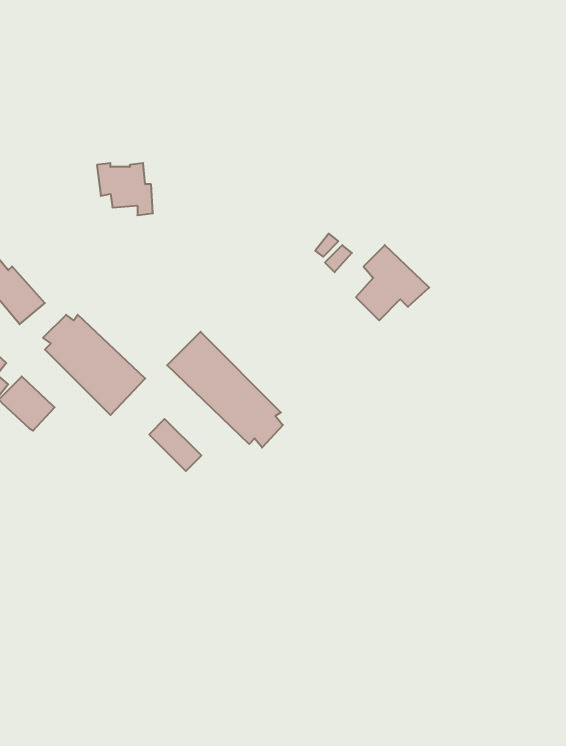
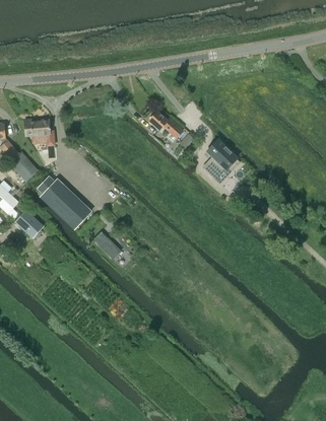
building: [97,163,153,215] -> [24,119,54,146]
building: none -> [148,110,184,138]
building: [167,332,283,448] -> none

